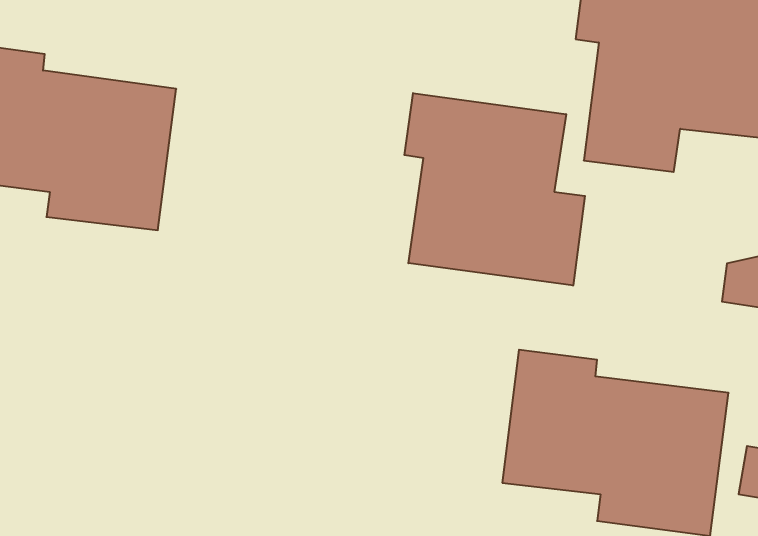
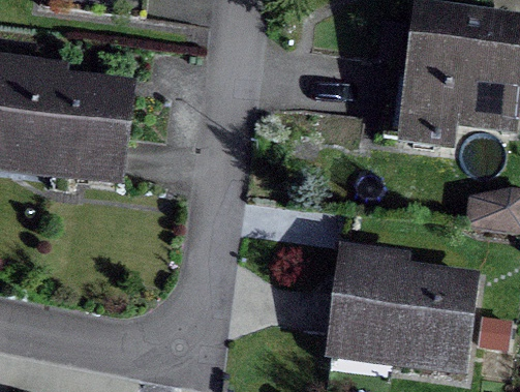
building: [404,93,585,286] -> none

